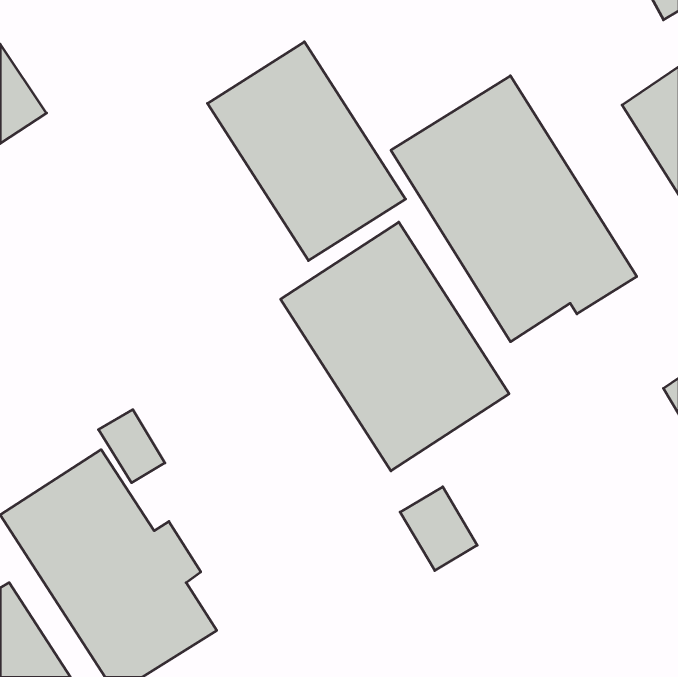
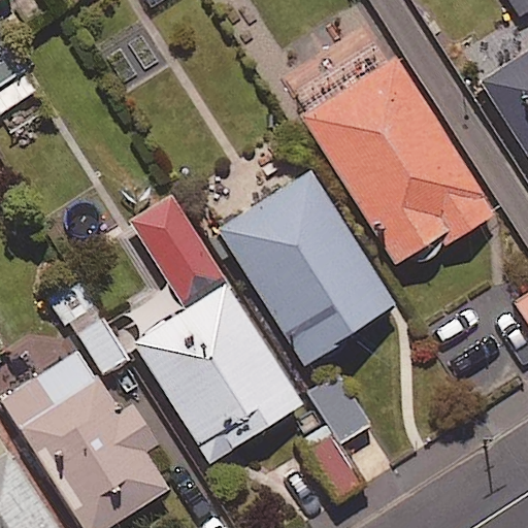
building: [207,42,406,261] -> none
building: none -> [128,196,302,463]

